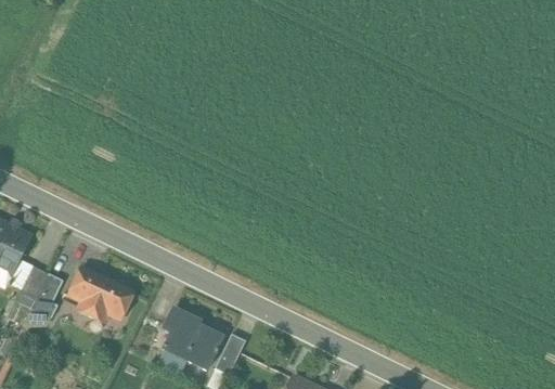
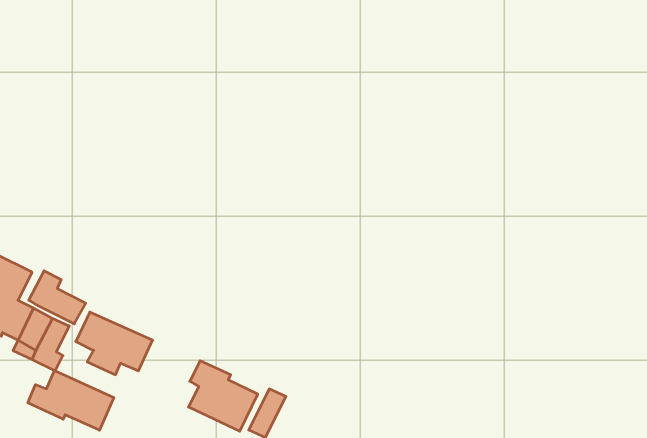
building: none -> [29,271,86,324]
building: none -> [28,371,114,430]

